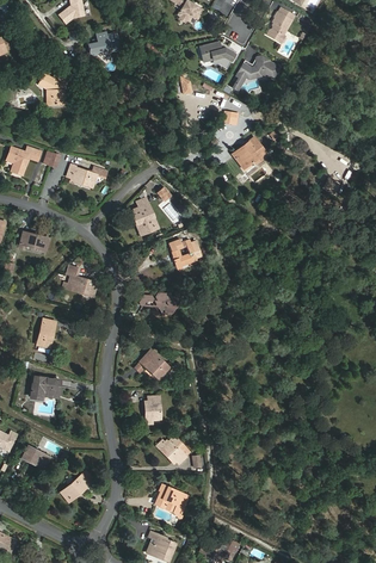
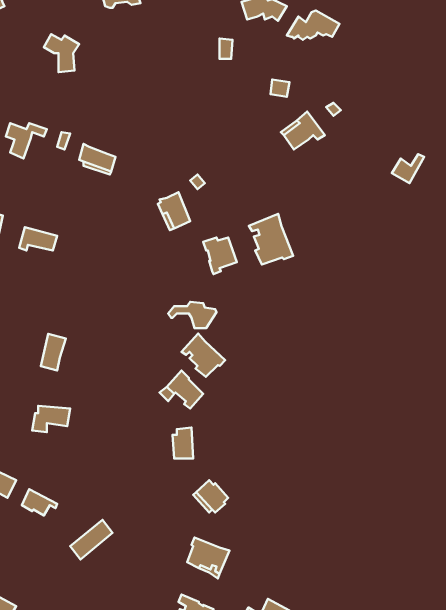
building: none -> [249,214,293,264]
building: [63,265,97,297] -> none
building: none -> [182,333,225,377]

